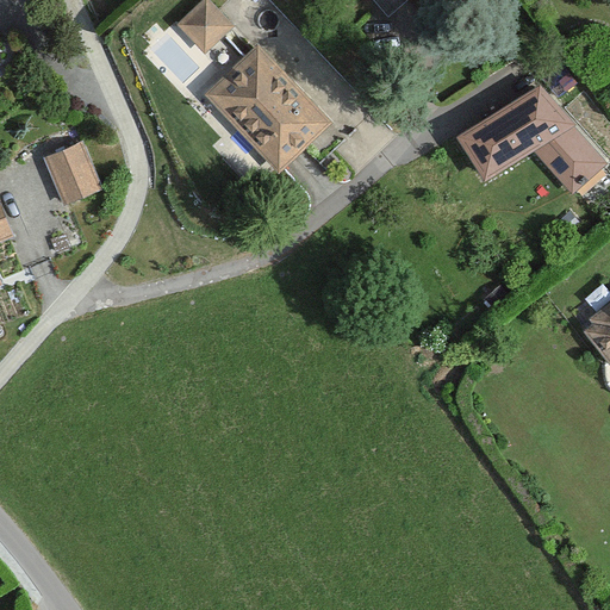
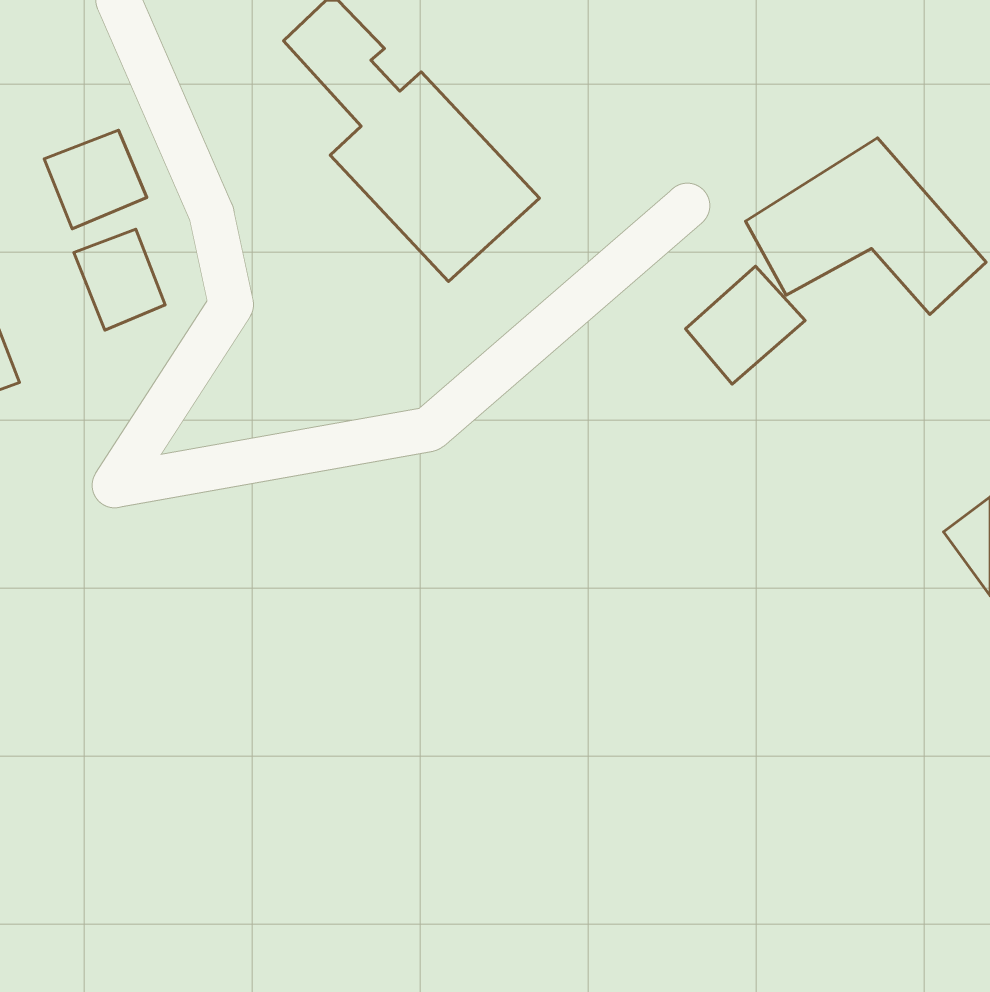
building: none -> [44,130,147,229]
building: none -> [686,266,805,384]

